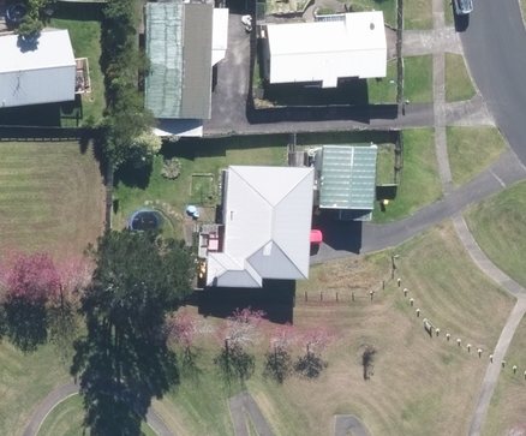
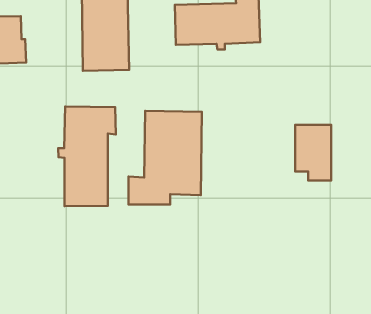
building: [323,145,370,217] -> [295,125,331,181]
building: none -> [58,106,116,206]

